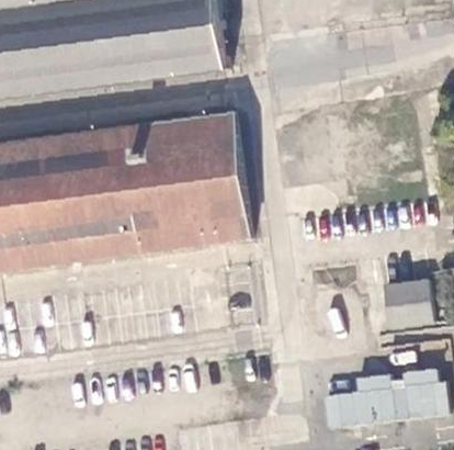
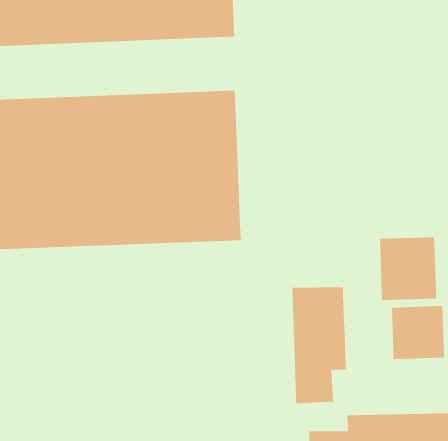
building: none -> [379,236,437,301]
building: none -> [292,287,346,404]

